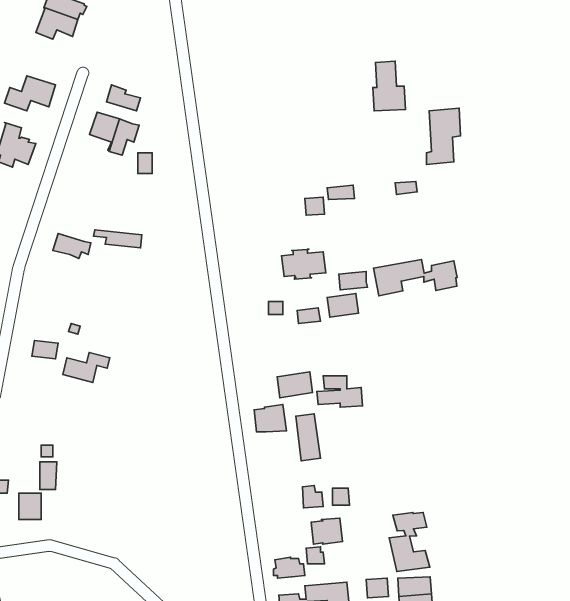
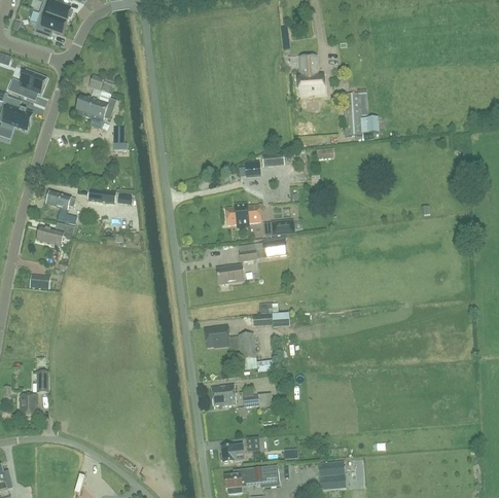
building: [374,259,457,296] -> none
building: [63,352,110,382] -> [37,222,74,246]
building: [277,372,312,398] -> [216,263,244,284]
building: [389,512,430,571] -> none
building: [311,518,342,544] -> [211,385,236,405]

